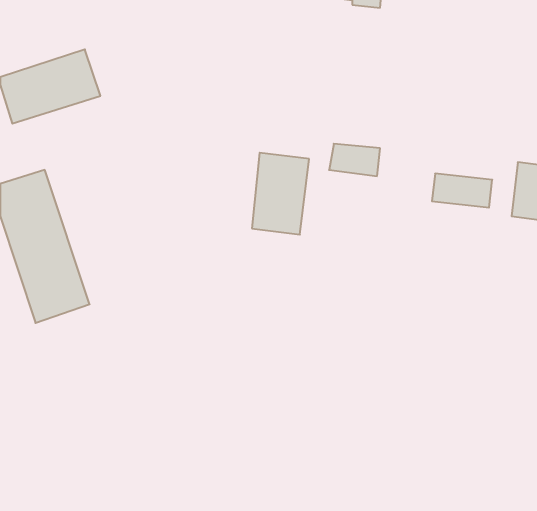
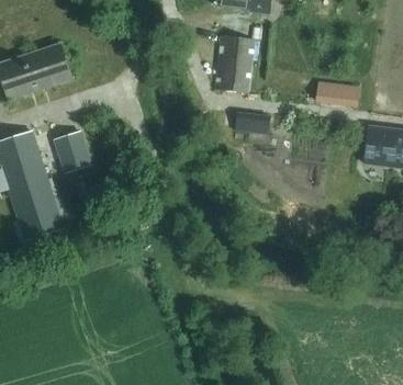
building: [252,153,309,235] -> [214,34,255,92]
building: none -> [54,131,91,172]
building: [432,174,492,208] -> [316,81,359,105]

